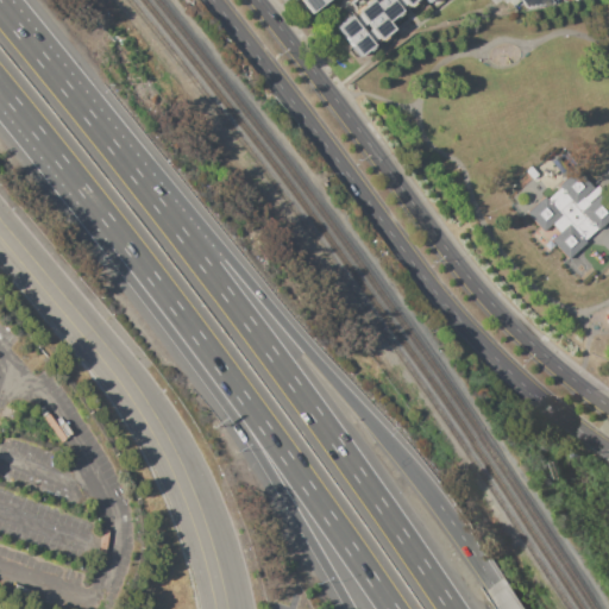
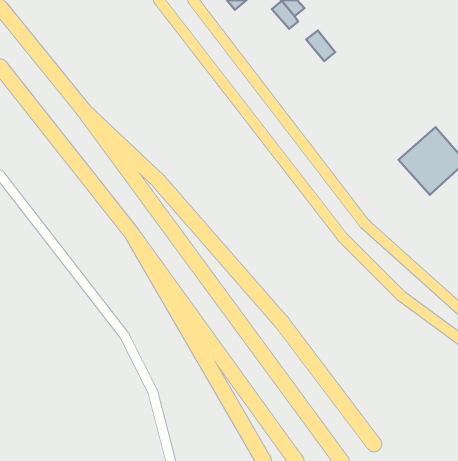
building: [340,17,378,57] -> [306,30,335,61]

